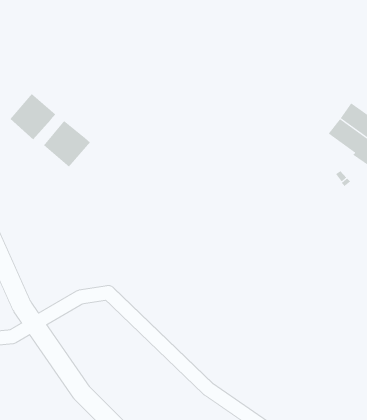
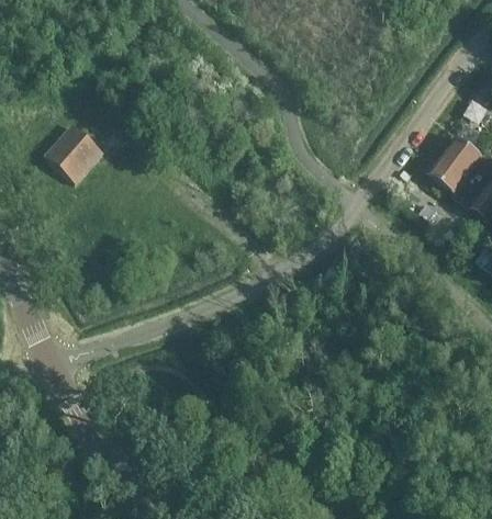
building: [43,120,91,167] -> none

